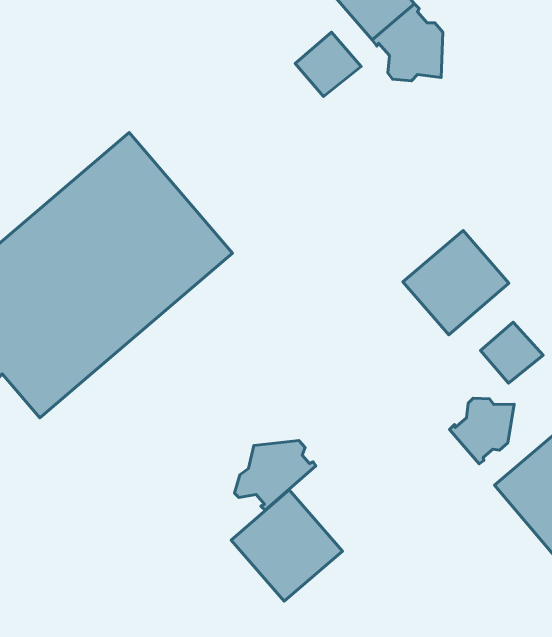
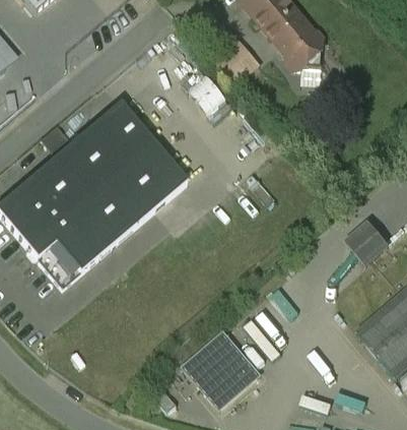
building: [403,230,509,335] -> none
building: [449,398,514,464] -> none
building: [234,440,316,510] -> none

